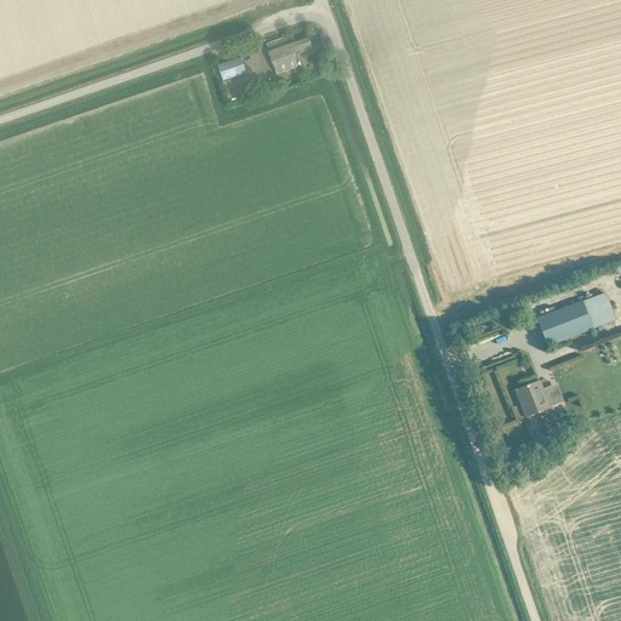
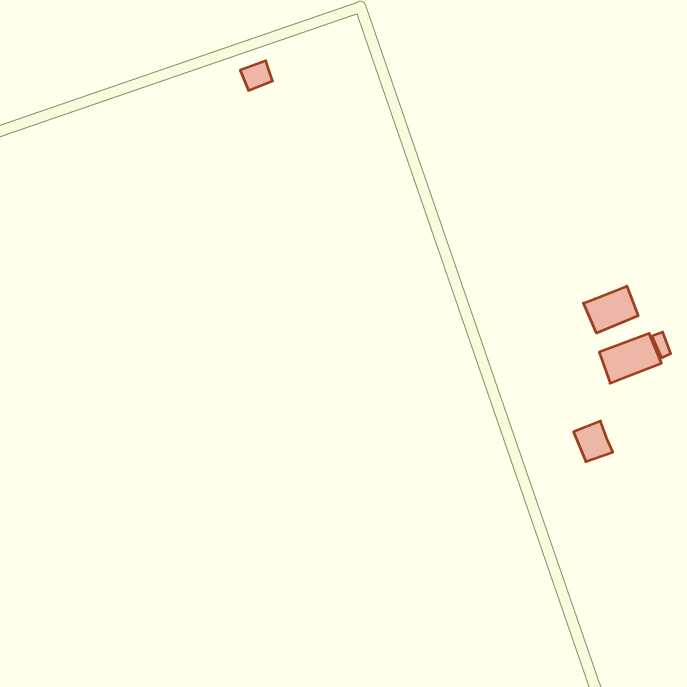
building: [267,35,313,73] -> none
building: none -> [583,286,638,333]

